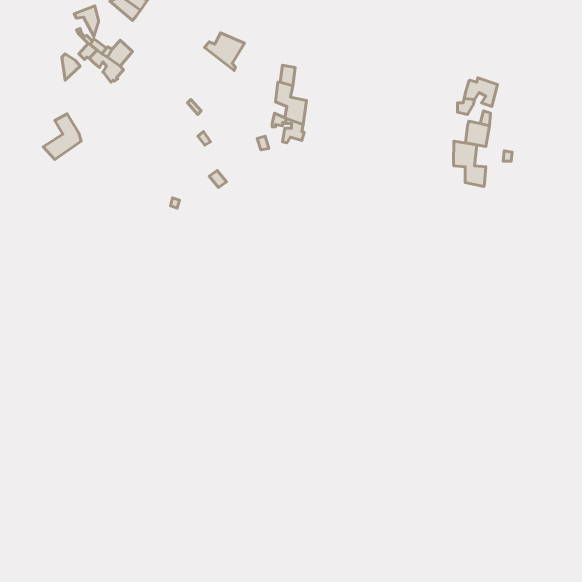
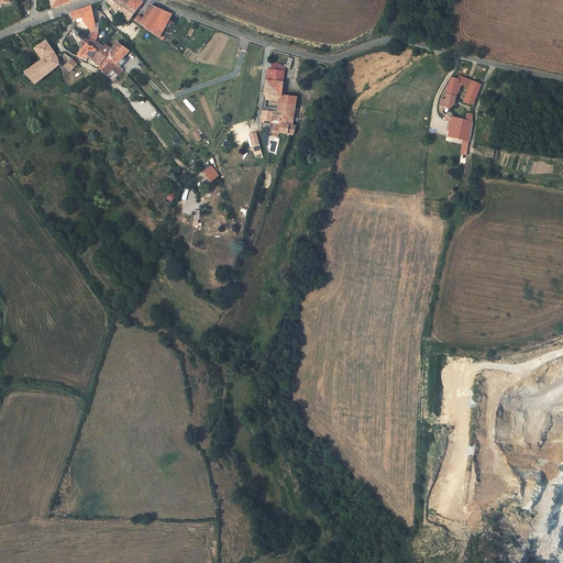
building: [205,33,245,70] -> [135,4,174,41]
building: [43,114,81,159] -> [21,38,57,82]
building: [454,141,486,186] -> none

